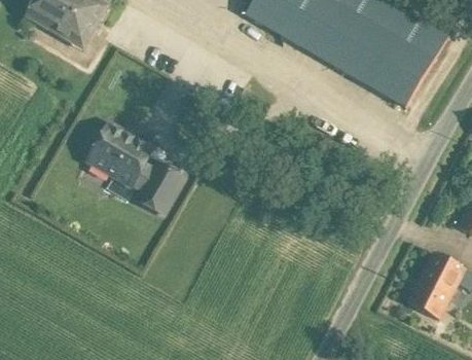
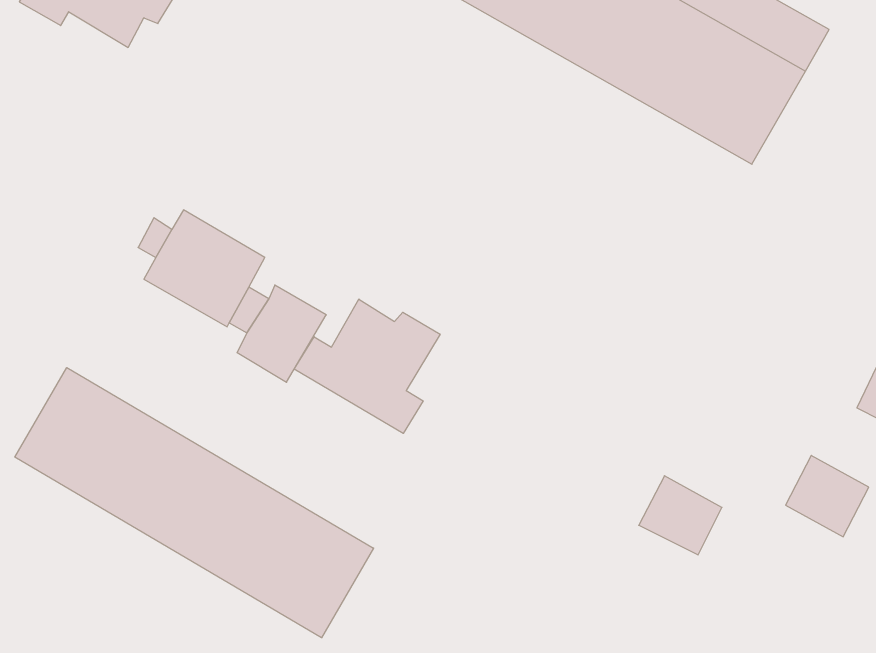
building: none -> [294,299,440,433]
building: none -> [15,368,374,638]
building: [409,280,452,321] -> [639,476,722,555]

